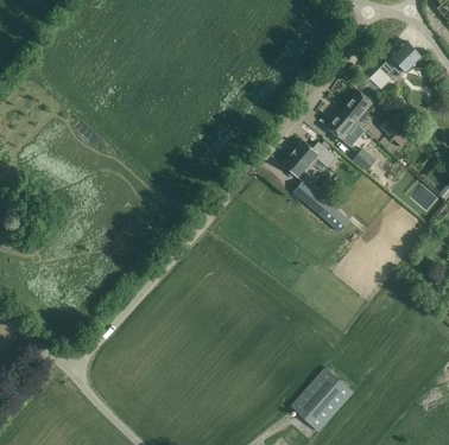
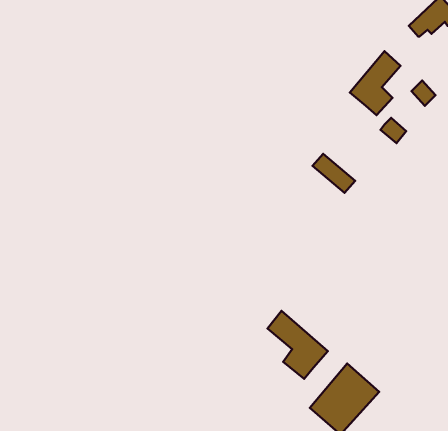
building: [282,140,336,177] -> none
building: none -> [268,311,328,379]

